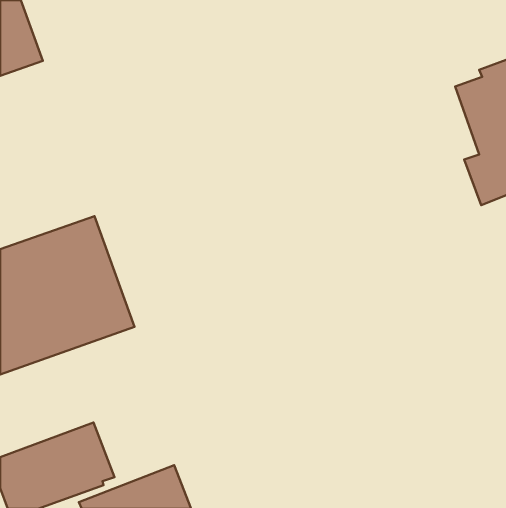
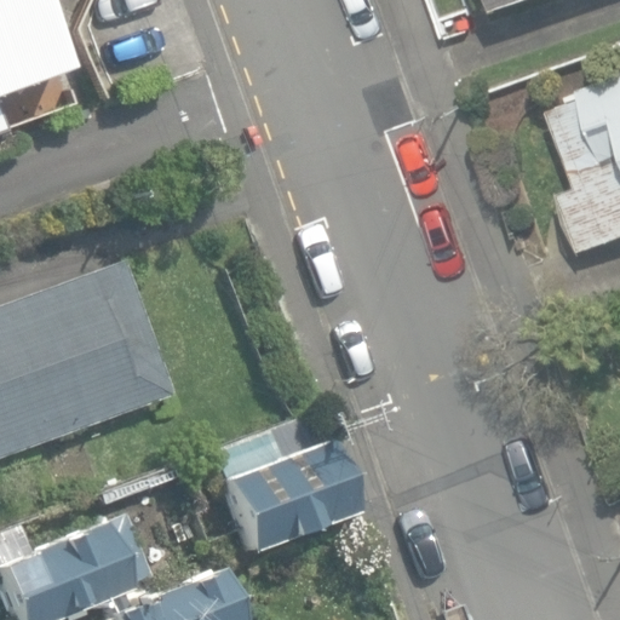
building: none -> [213,426,351,553]

